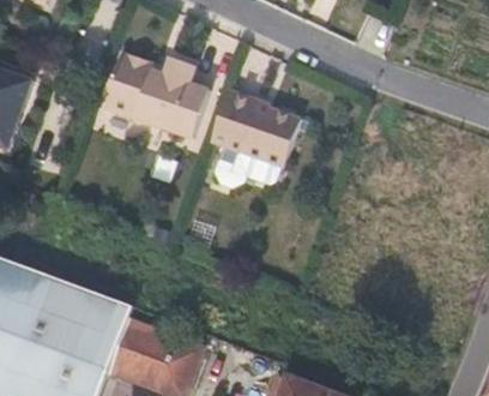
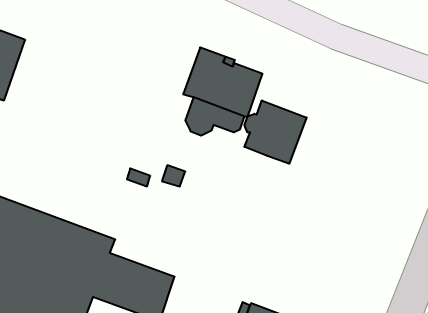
building: [101,54,209,138] -> none
building: none -> [244,100,307,164]

